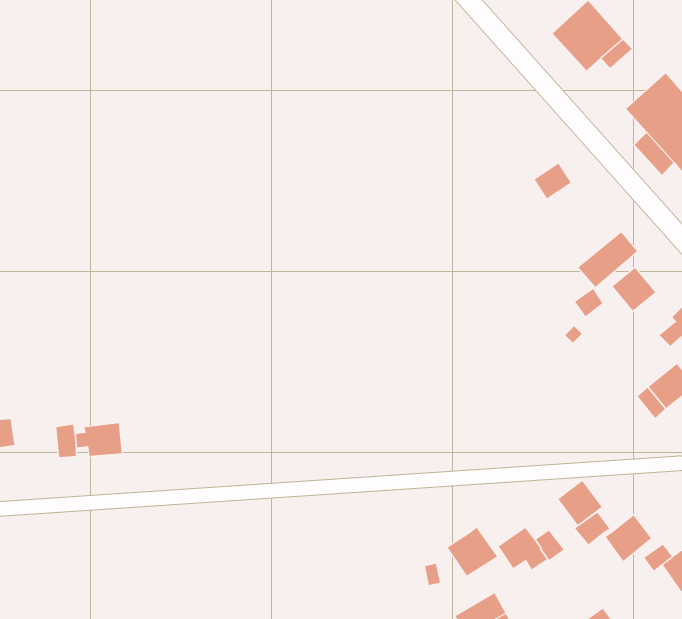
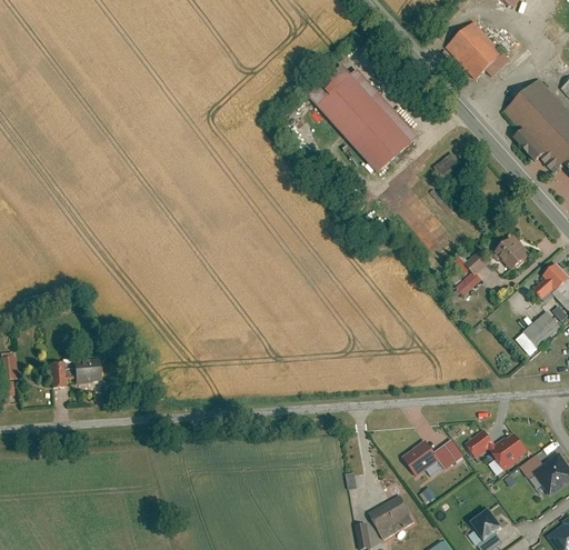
building: none -> [307,63,417,171]
building: [577,232,638,288] -> none
building: [557,480,603,526] -> none
building: [447,527,498,576] -> none

